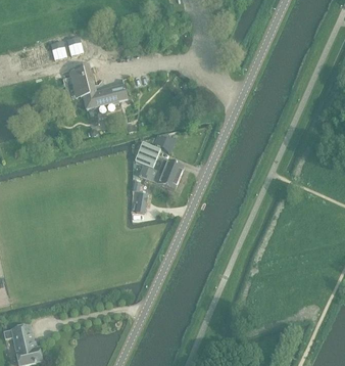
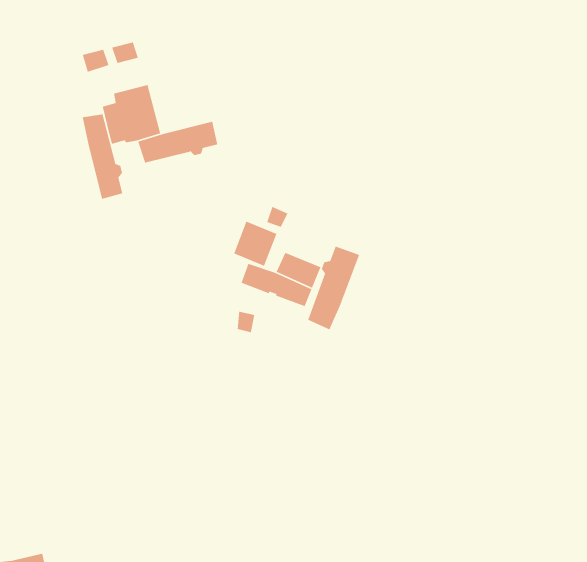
building: none -> [82,114,123,200]
building: none -> [307,246,360,331]

